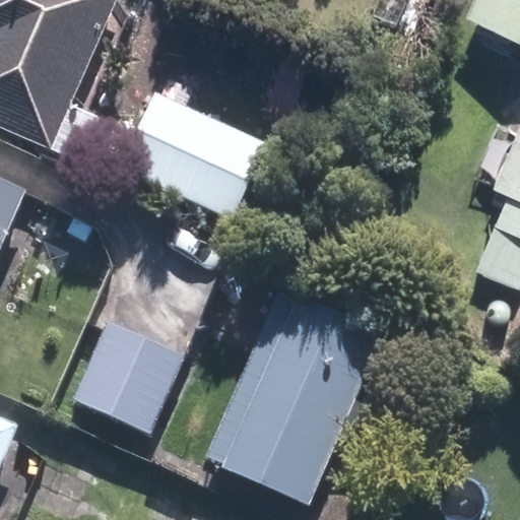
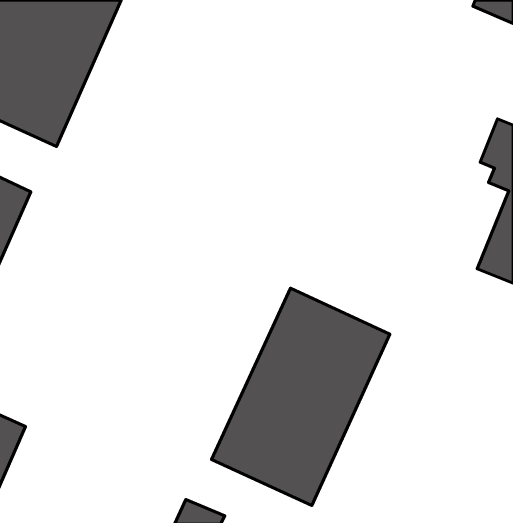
building: [123,94,266,220] -> none
building: [68,320,181,437] -> none

